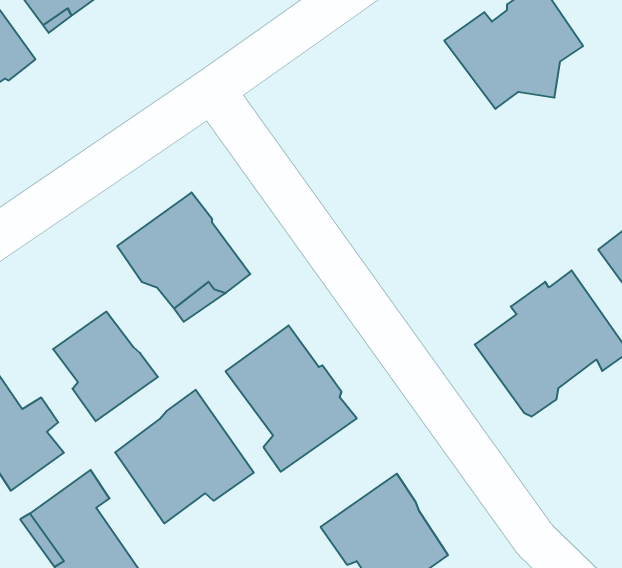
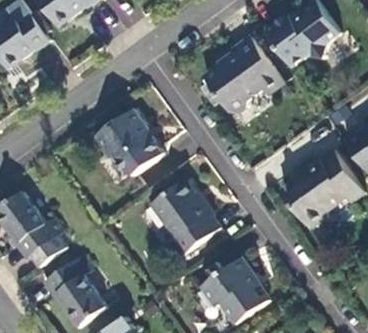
building: none -> [205,36,283,113]
building: [53,312,158,421] -> none
building: [115,390,254,523] -> none

